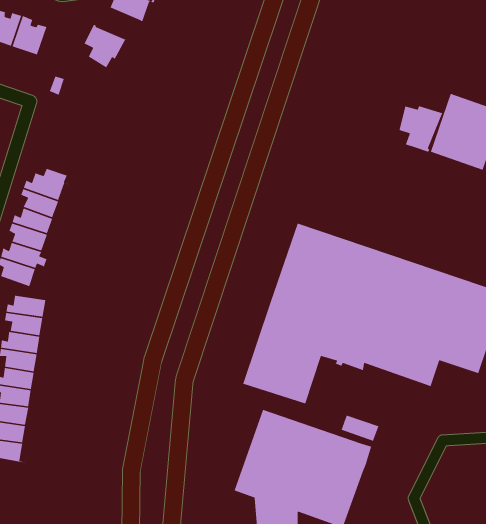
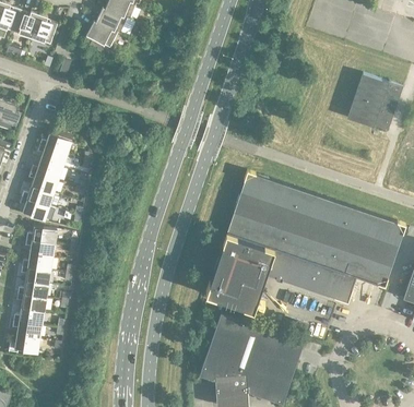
building: none -> [94,8,127,35]
building: [398,105,443,153] -> none

